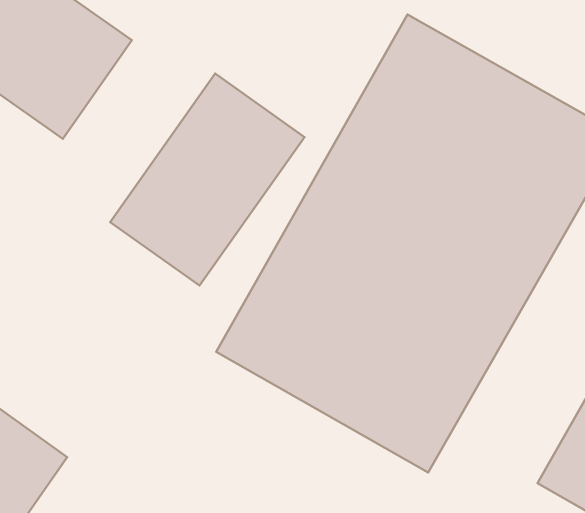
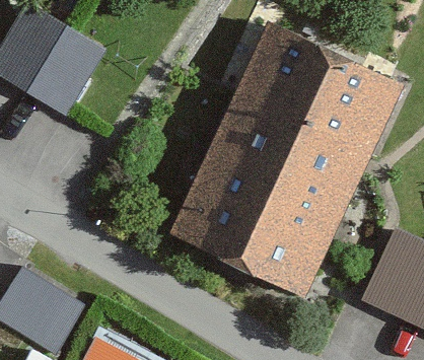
building: [110,74,304,286] -> none

